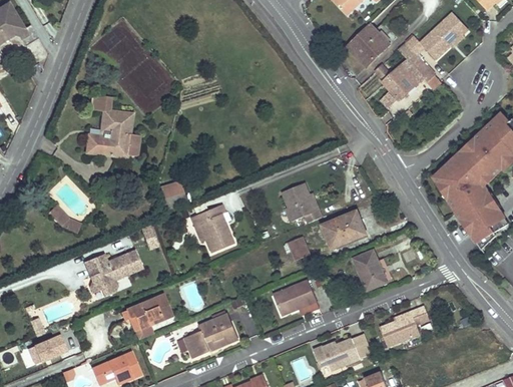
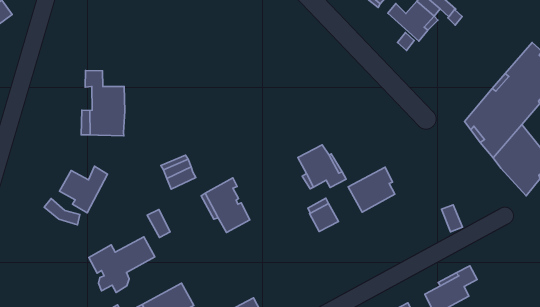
building: none -> [59,166,107,213]
building: [355,250,388,290] -> none
building: [275,280,318,314] -> none

